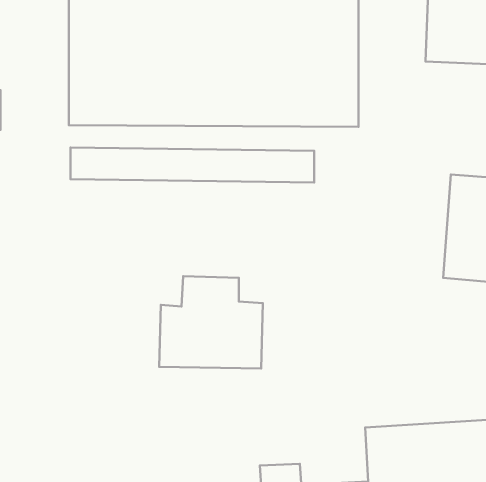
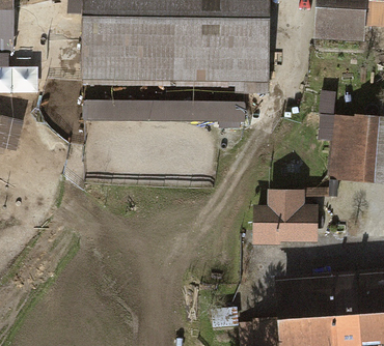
building: [159,276,263,368] -> [252,186,320,247]

